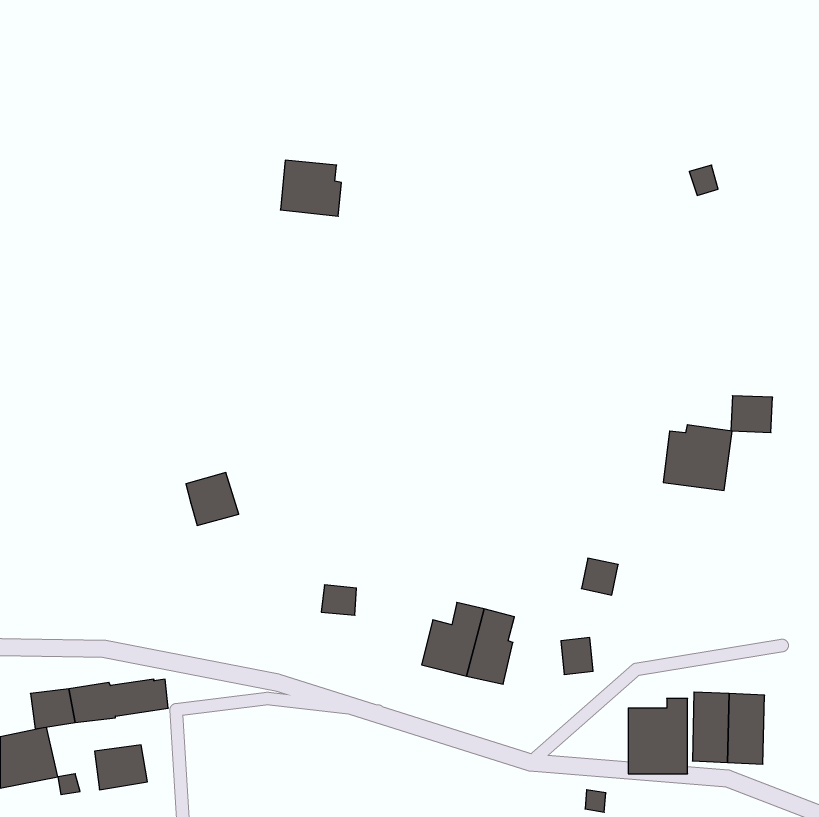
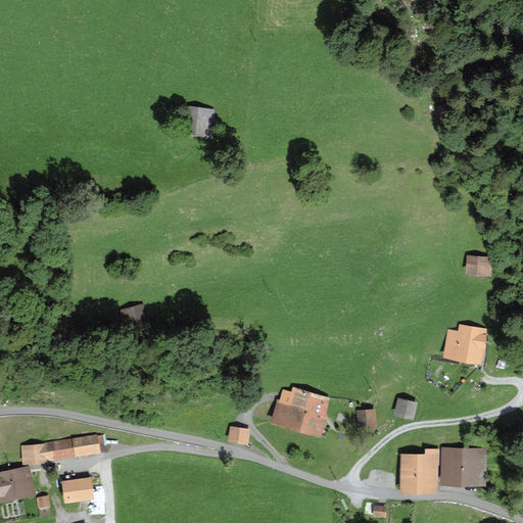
building: [663,425,732,490] -> [444,324,488,366]
building: [581,558,618,595] -> [393,397,417,421]
building: [321,585,356,615] -> [228,425,250,444]

